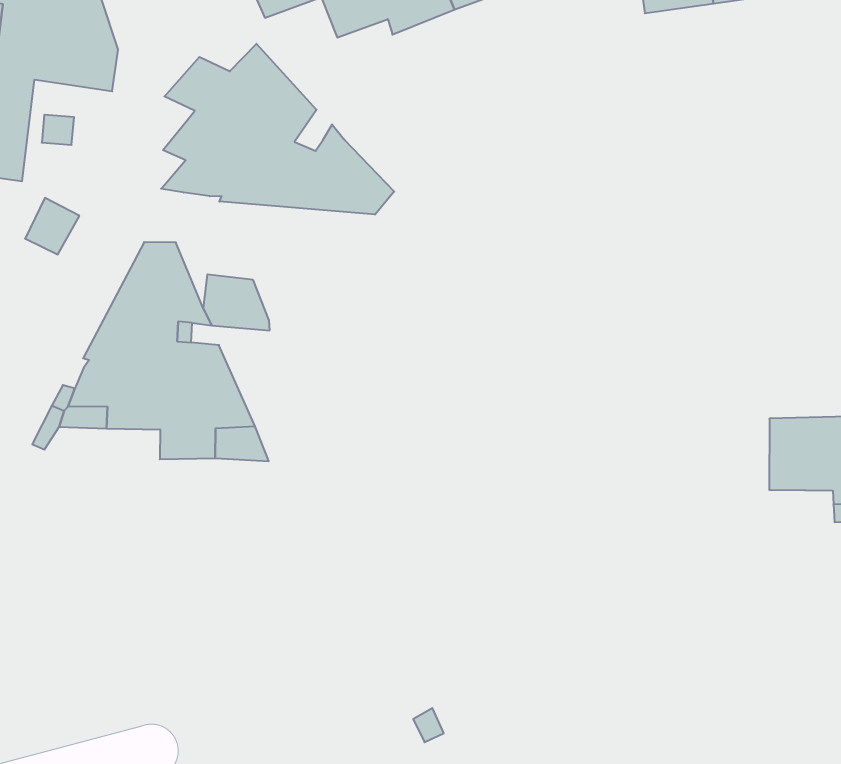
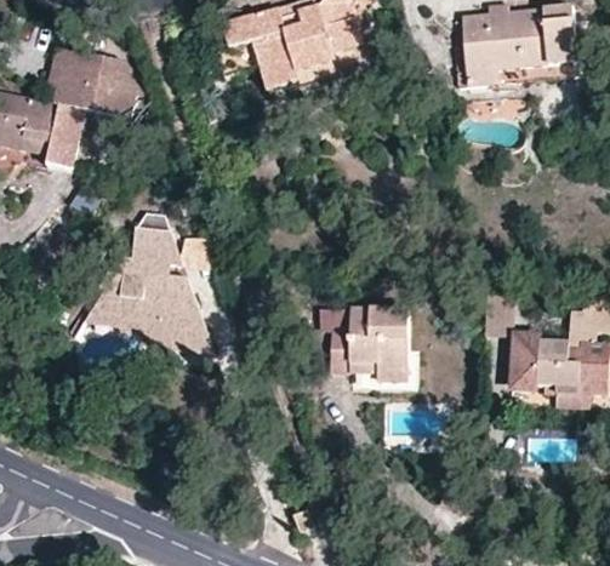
building: [161,44,394,215] -> none
building: none -> [320,307,409,379]

